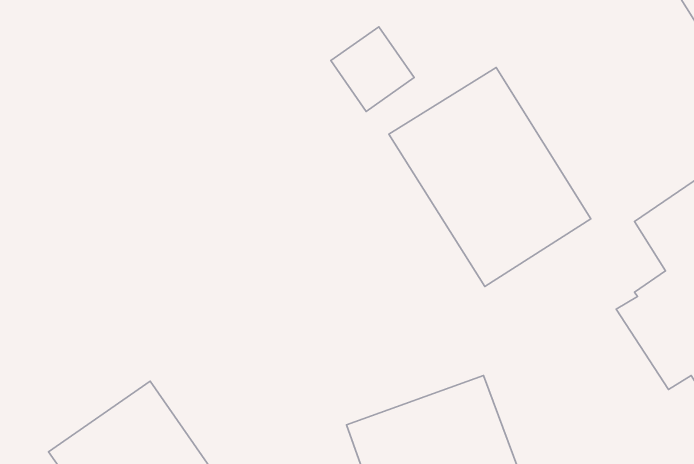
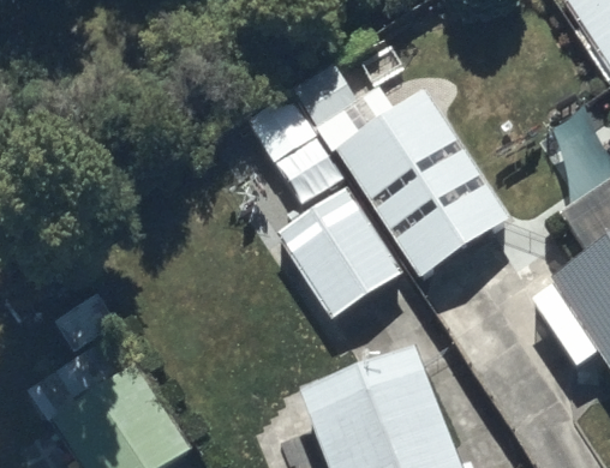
building: none -> [274,184,402,318]

